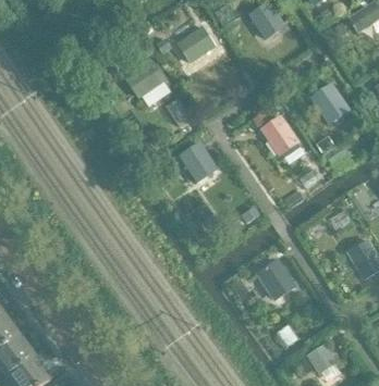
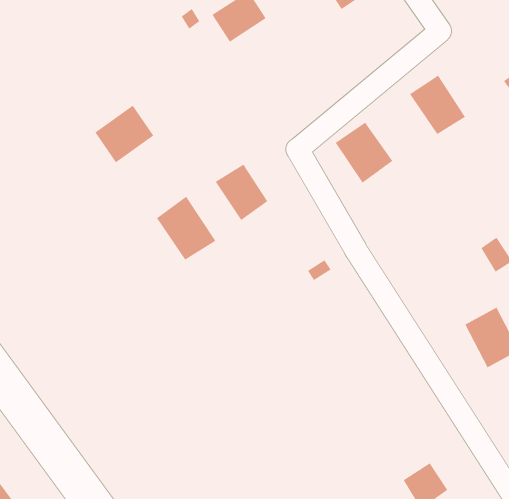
building: [125,59,166,98] -> [94,105,154,163]
building: none -> [156,196,216,261]
building: [255,257,297,300] -> none

